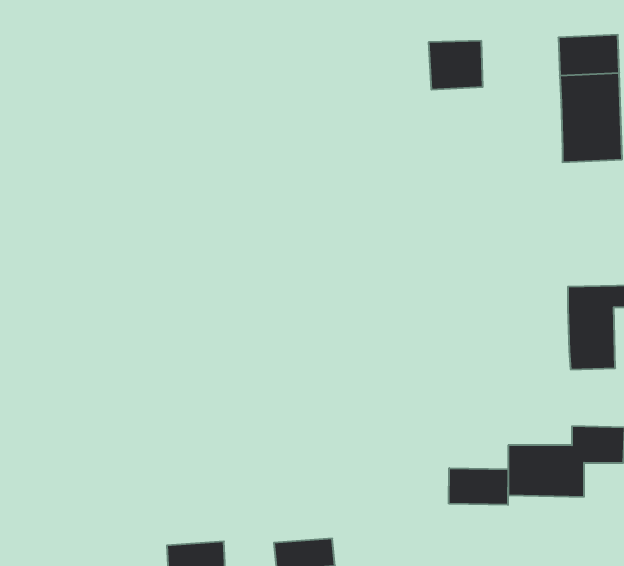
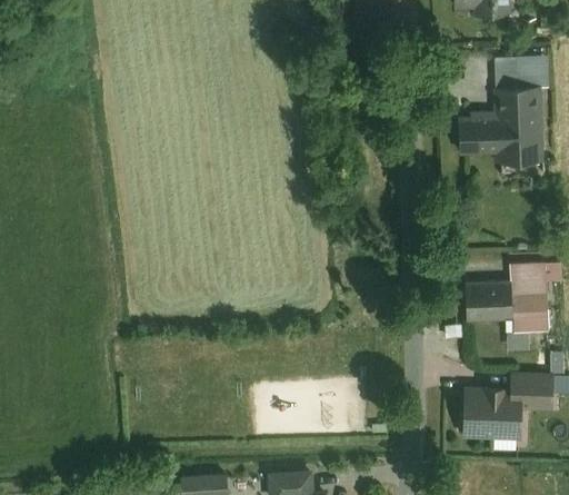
building: [429,41,483,90] -> [458,112,502,152]
building: none -> [465,281,508,318]
building: [449,468,508,505] -> none

